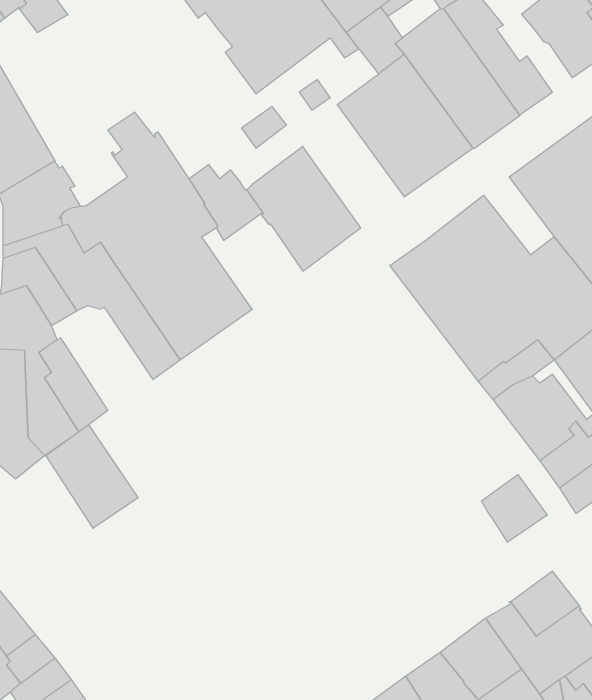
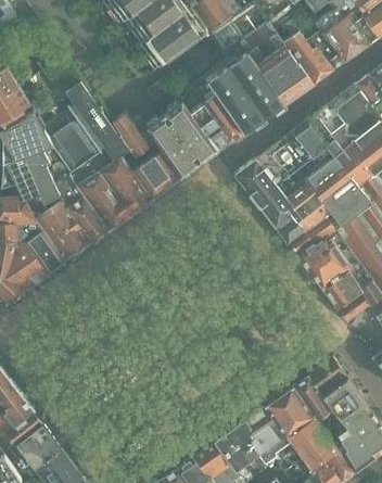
building: none -> [298,30,344,71]
building: none -> [190,78,243,152]
building: none -> [291,122,333,168]
building: none -> [131,150,182,201]
building: [46,425,138,528] -> [37,200,92,262]
building: [482,475,547,542] -> none

